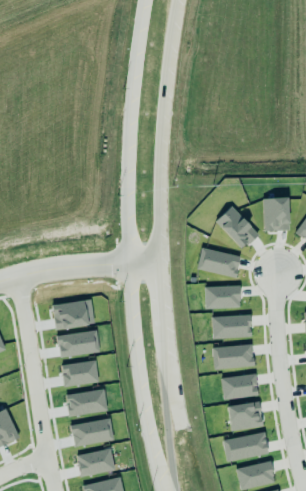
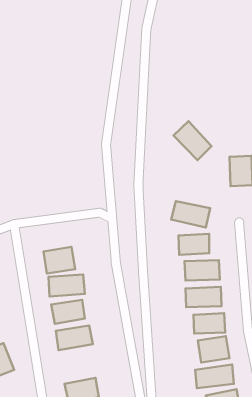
building: [215,206,258,250] -> [174,121,212,160]
building: [72,419,114,446] -> none

